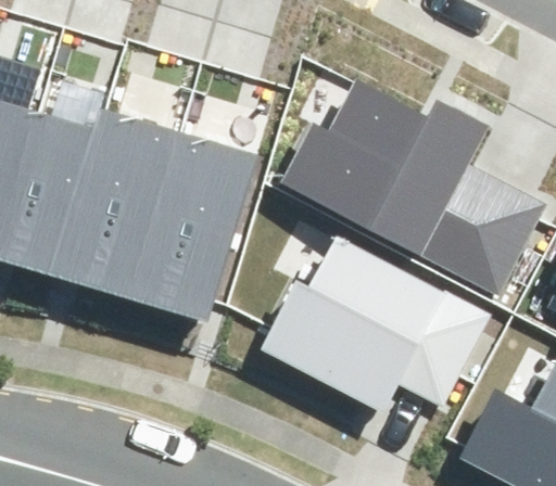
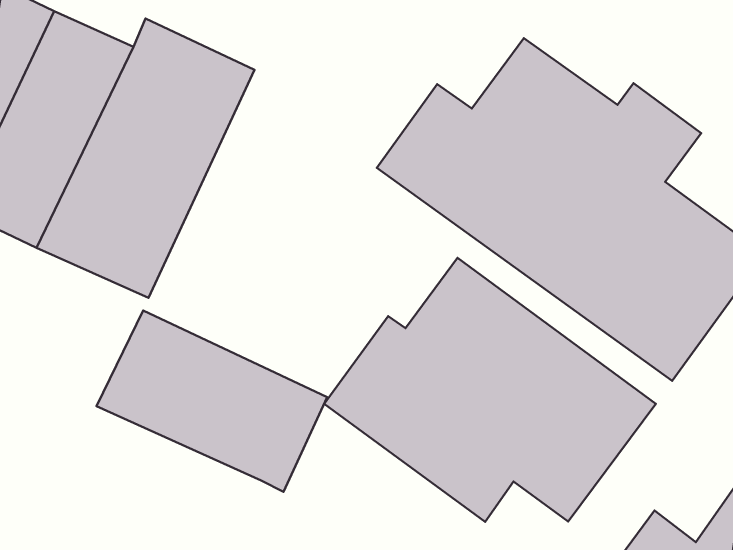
building: [131,130,257,319] -> none
building: none -> [97,310,327,492]

